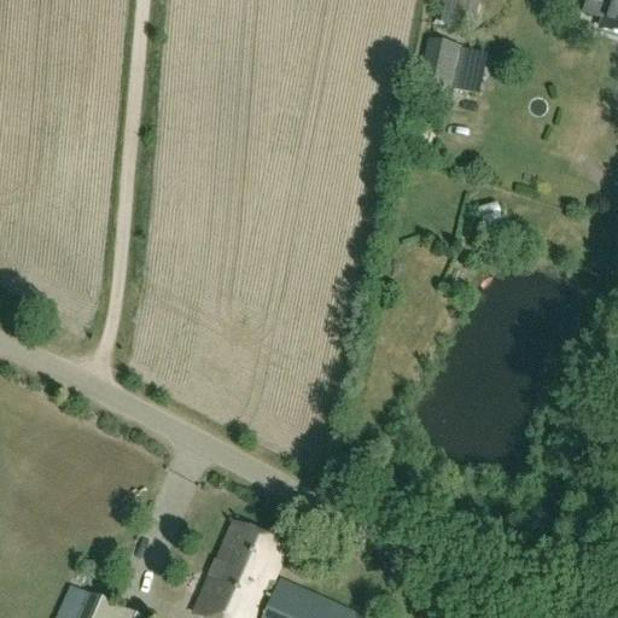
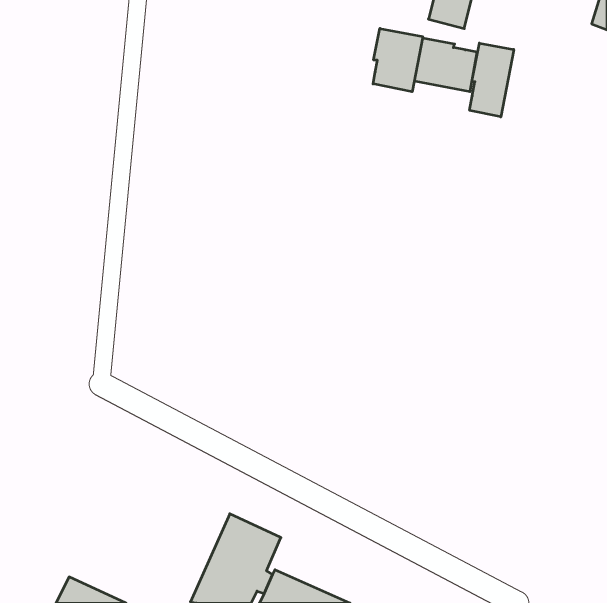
building: none -> [373,28,423,92]
building: none -> [470,43,514,117]

